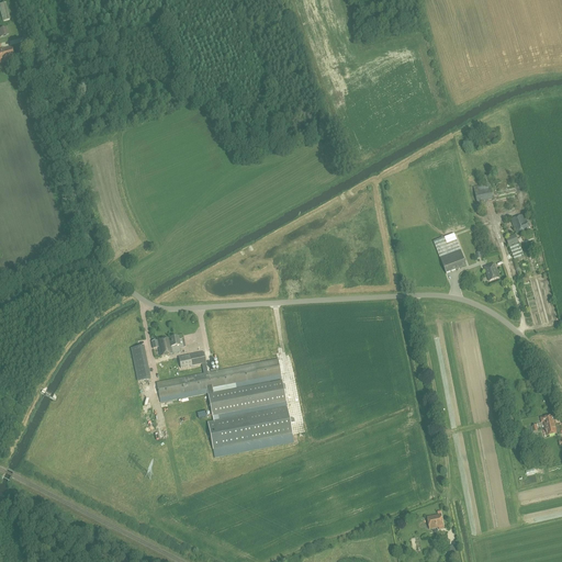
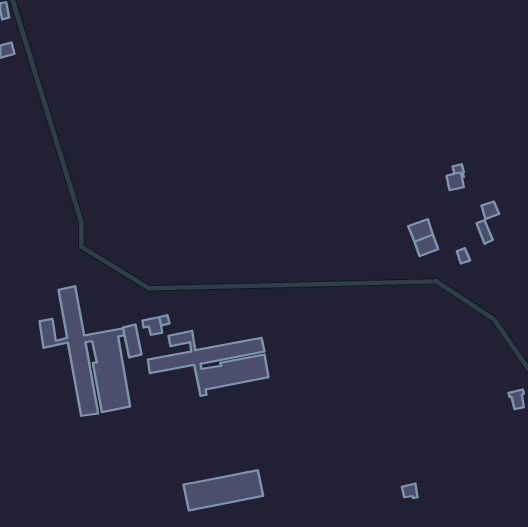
building: none -> [39,286,130,416]
building: [207,406,292,449] -> [184,470,263,510]

